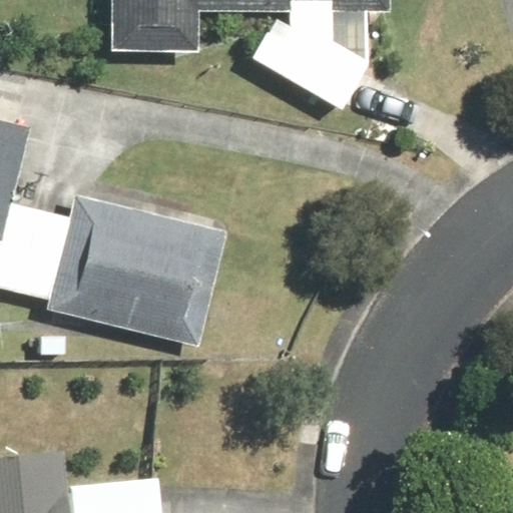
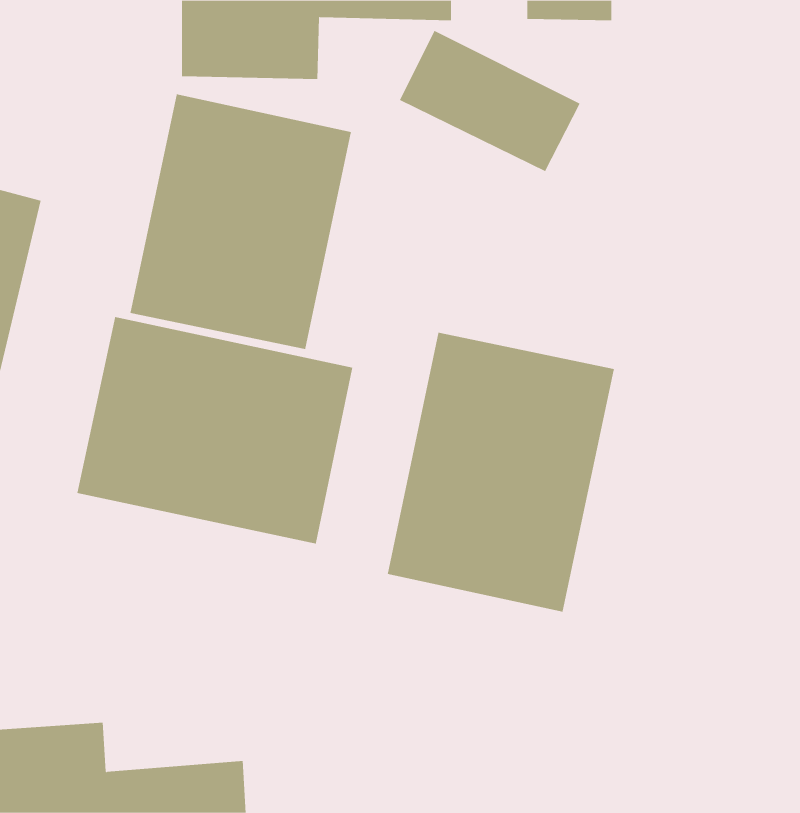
building: none -> [130,94,352,350]
building: none -> [387,332,615,613]

